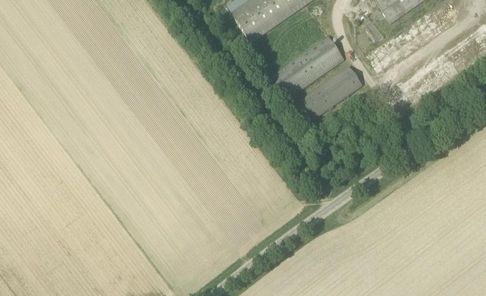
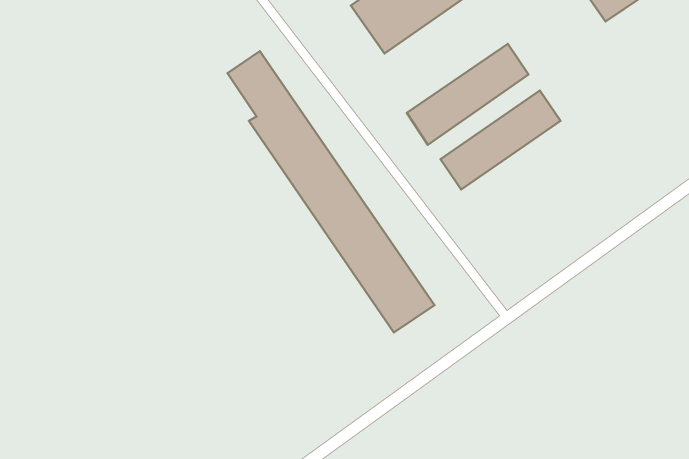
building: none -> [227,51,434,333]

